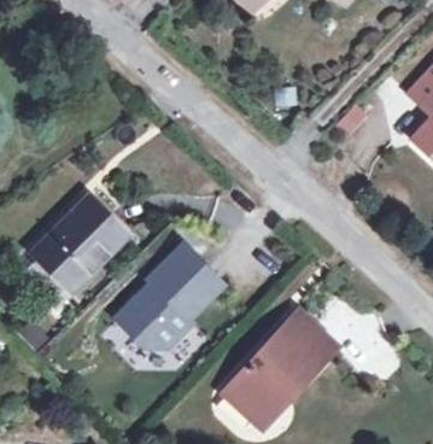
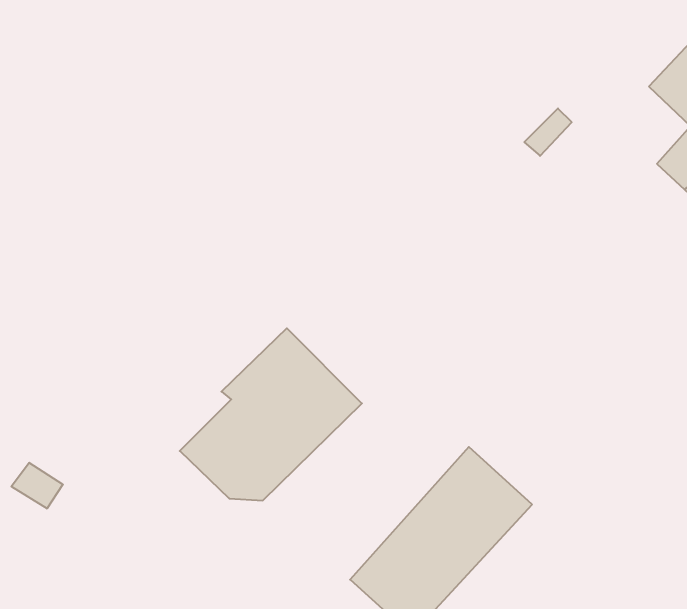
building: [33,198,124,288] -> none

